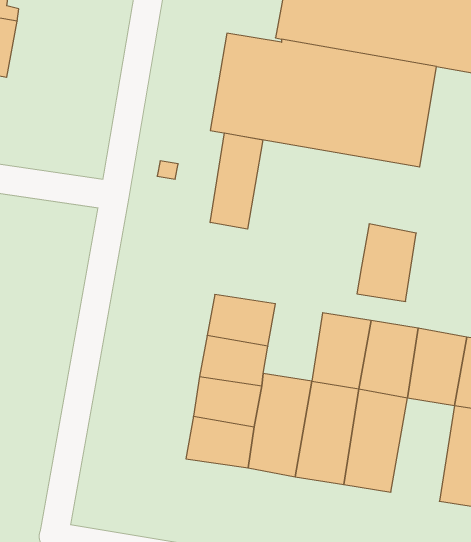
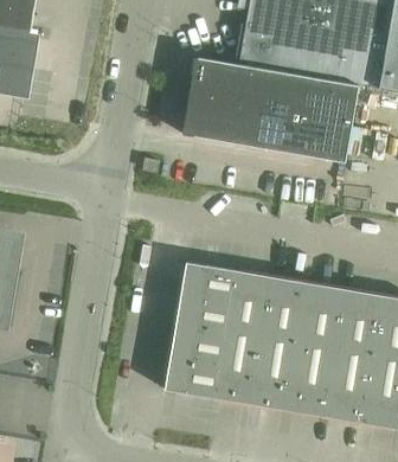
building: [210,133,263,229] -> none
building: [357,224,416,301] -> [224,269,270,329]
building: none -> [323,342,373,423]

